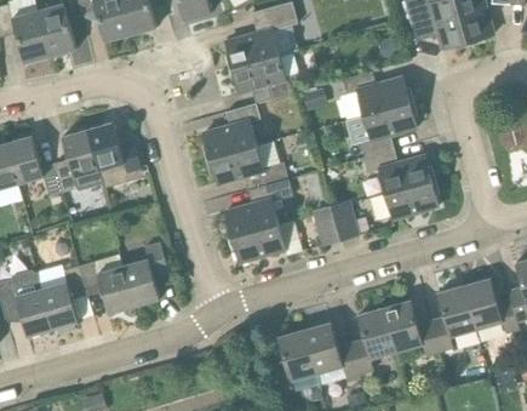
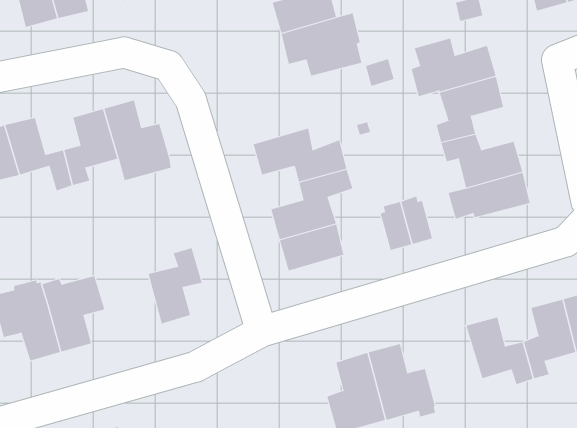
building: [204,103,260,158] -> none
building: [81,261,136,313] -> none
building: [353,307,399,373] -> none

